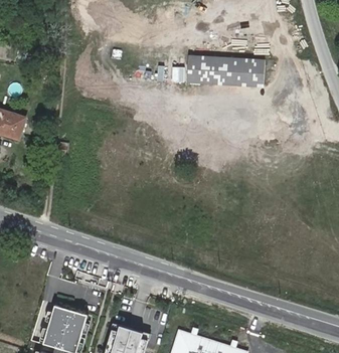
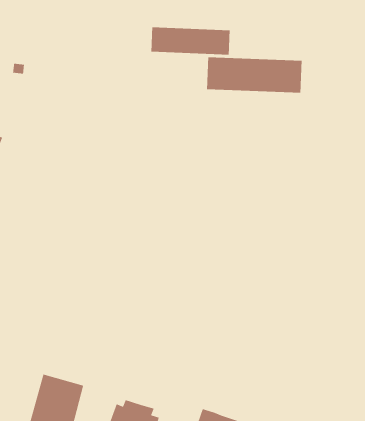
building: none -> [151,27,231,55]

